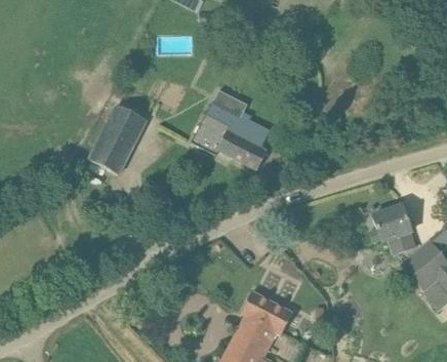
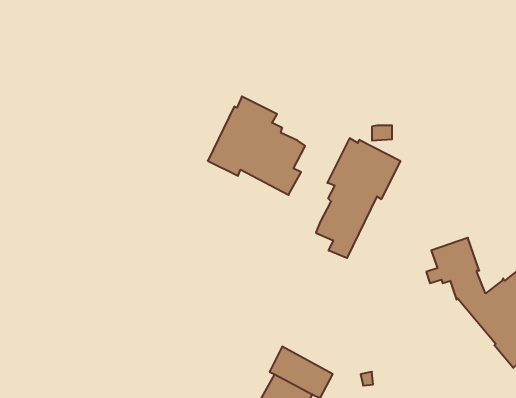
building: [89,105,147,174] -> none
building: none -> [316,138,400,258]

